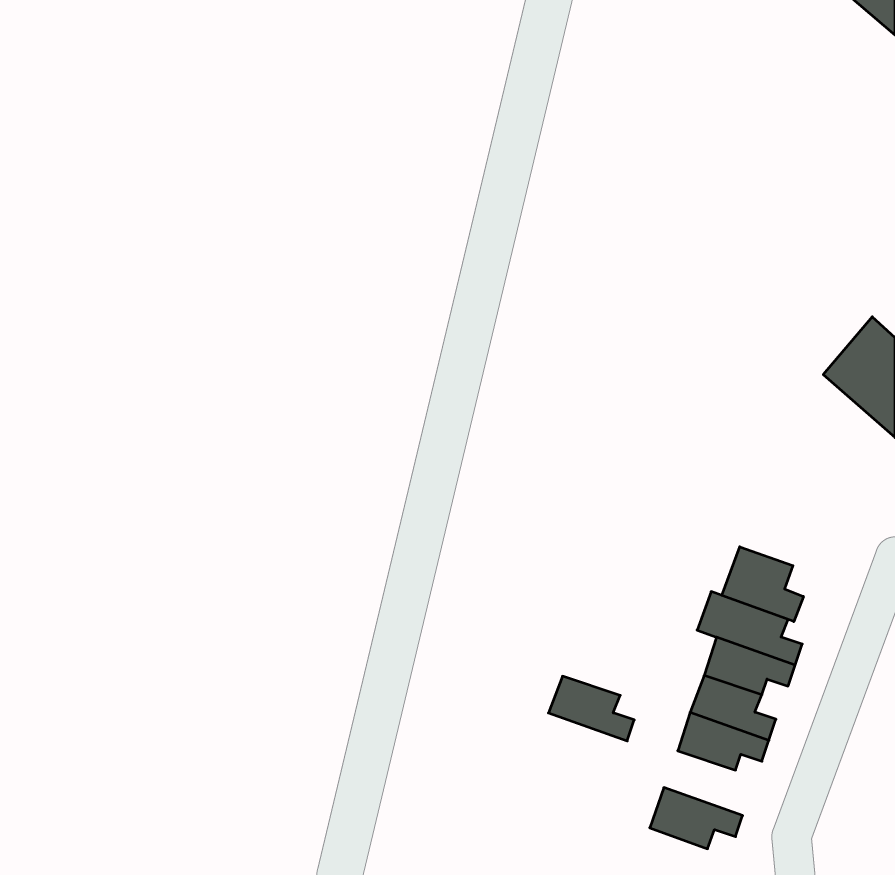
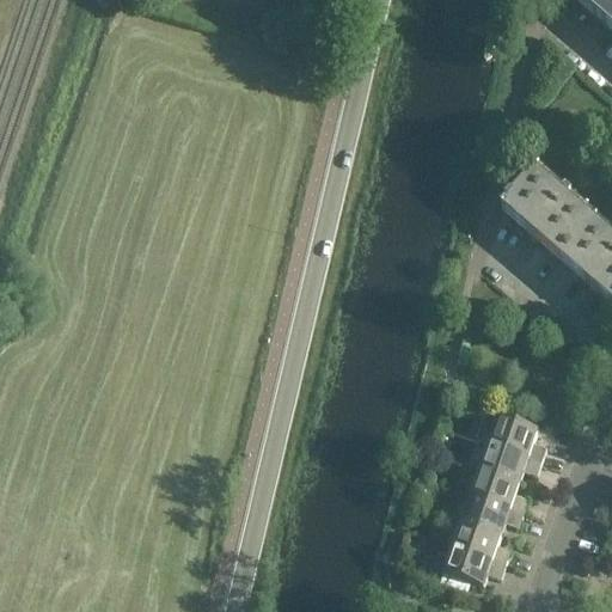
building: none -> [502,166,595,256]
building: [722,547,803,622] -> none
building: [548,676,634,741] -> [453,513,512,557]

